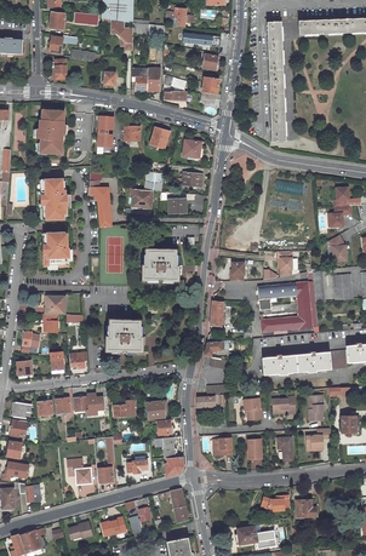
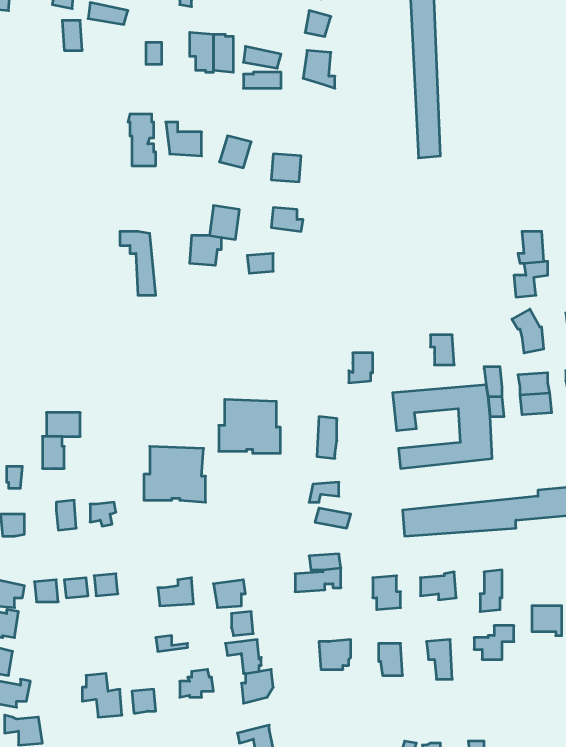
building: [39,110,64,154] -> none
building: [45,178,67,219] -> none
building: [47,233,70,269] -> none
building: [142,250,179,282] -> [219,399,280,453]

